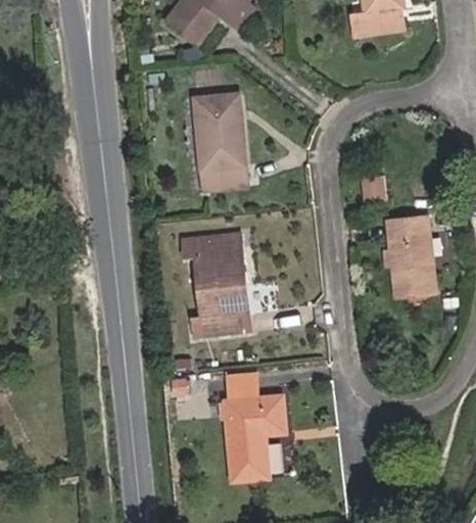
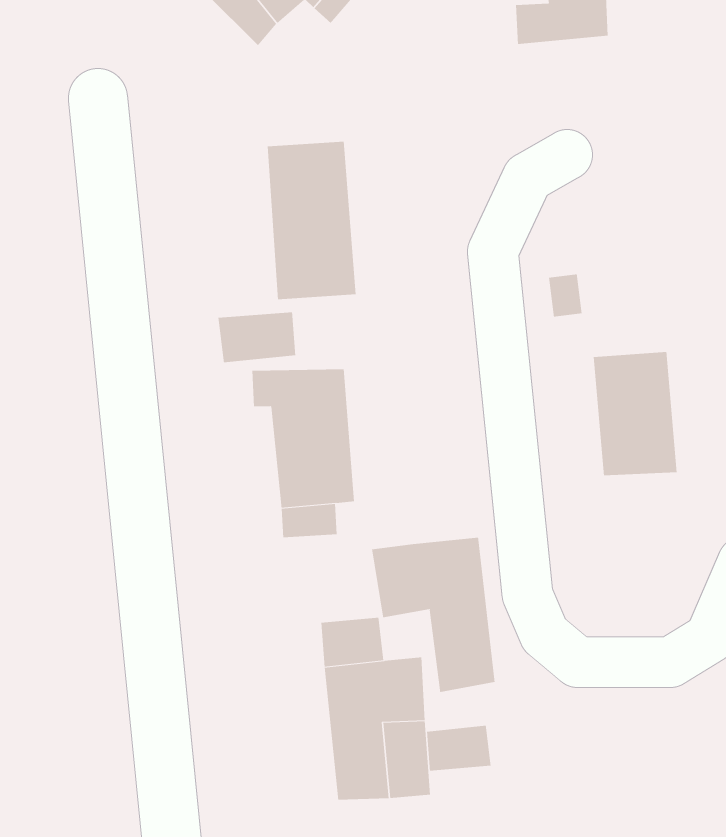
building: none -> [218,311,296,363]
building: none -> [371,537,495,693]
building: none -> [426,725,491,771]

